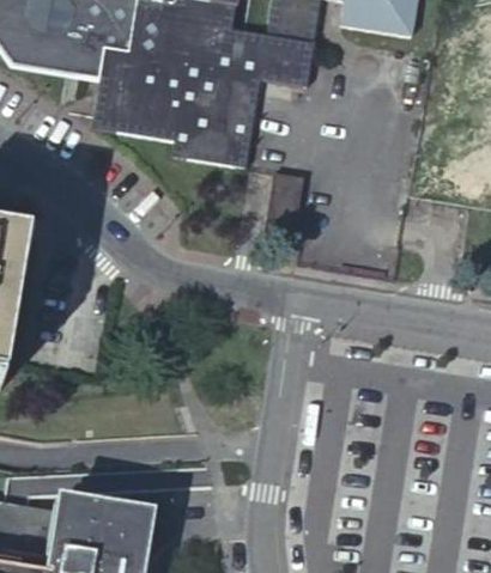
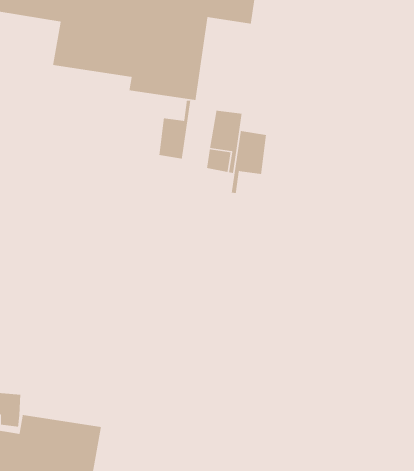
building: none -> [159,100,191,159]
building: none -> [231,130,267,194]

